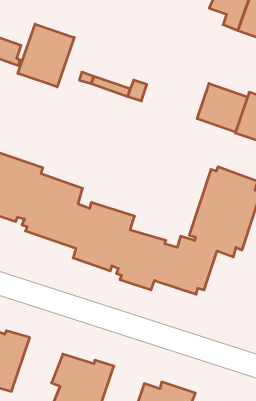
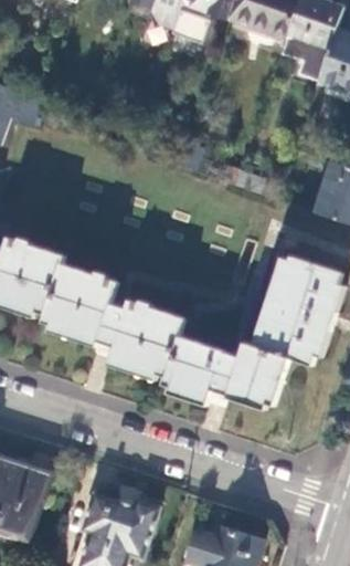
building: [18,24,74,87] -> none
building: [197,83,248,132] -> none

